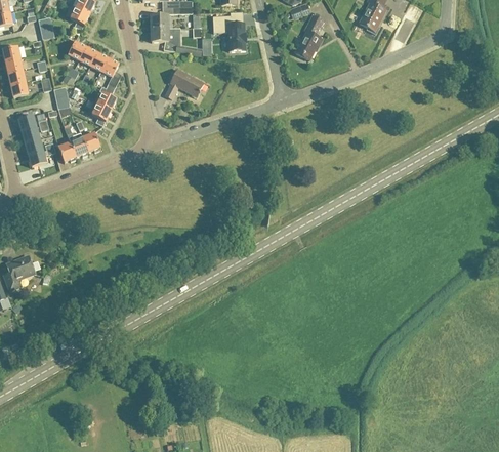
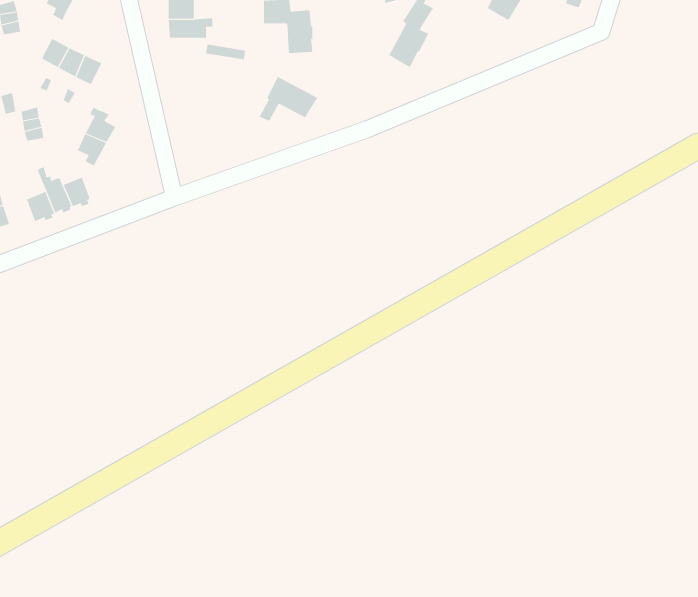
building: [98,57,122,91] -> none
building: [165,69,204,98] -> [259,76,318,121]

